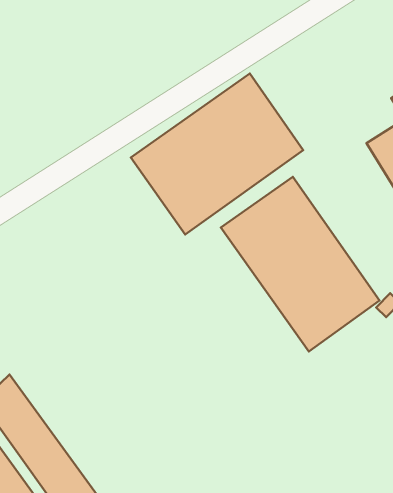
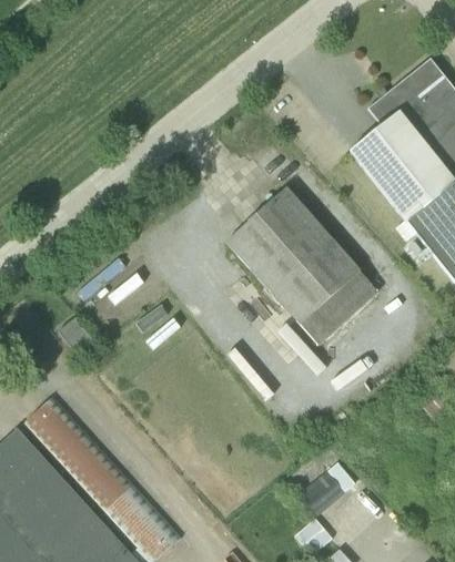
building: [131,74,303,234] -> none

